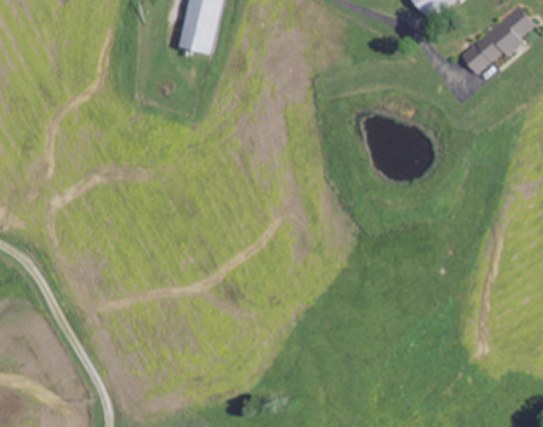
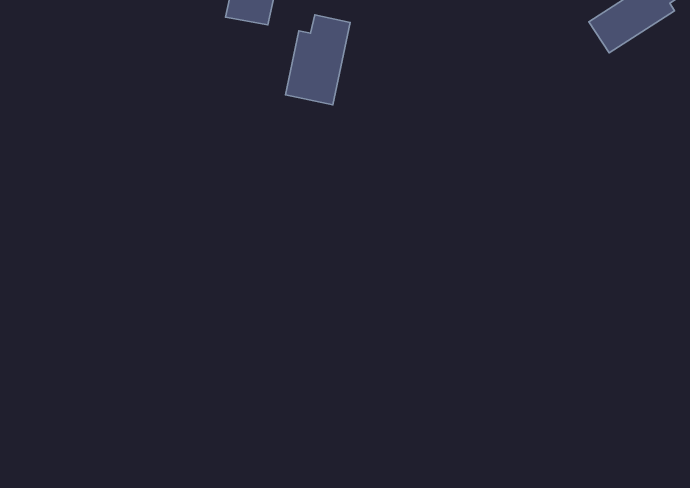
building: none -> [286,15,350,105]

